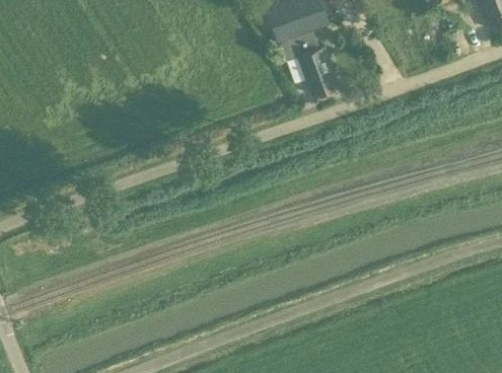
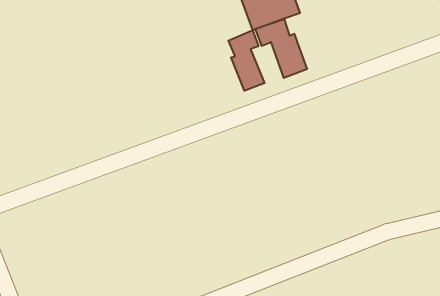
building: none -> [228,30,265,91]

